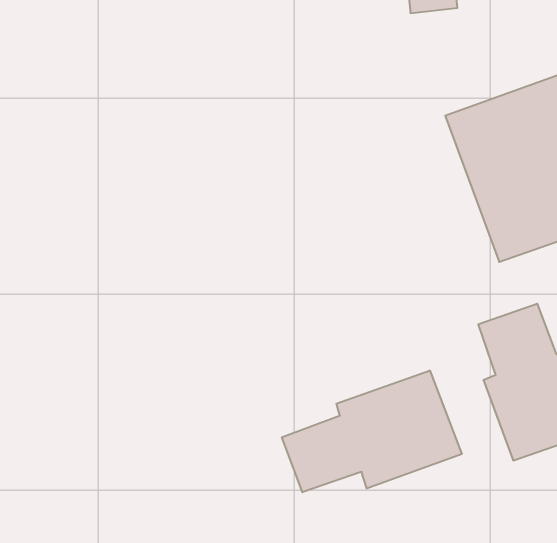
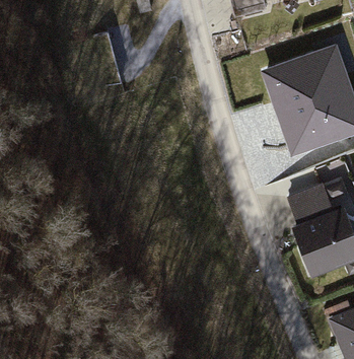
building: [282,370,462,492] -> none

